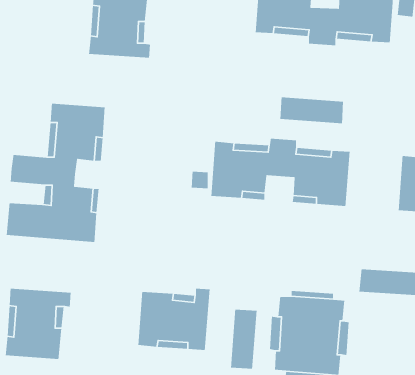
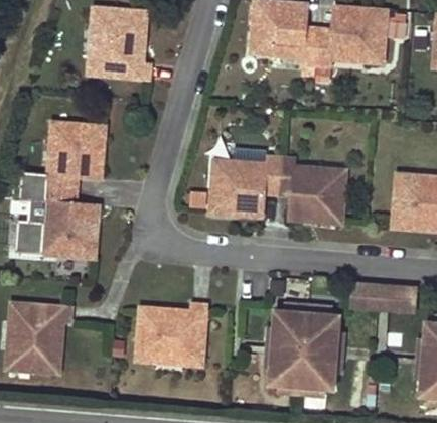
building: [280,97,344,124] -> none
building: [230,309,257,369] -> none

